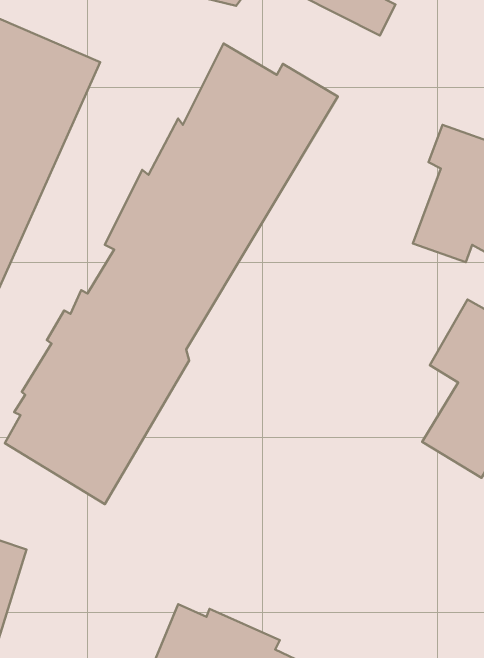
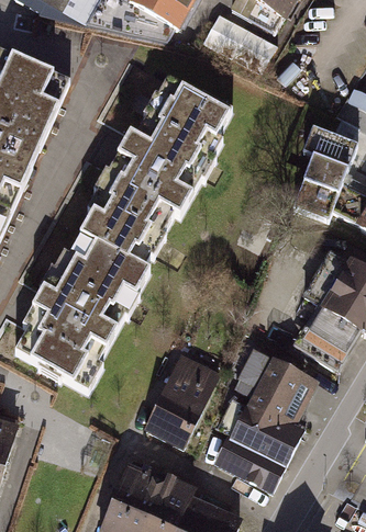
building: none -> [214,346,320,494]
building: none -> [143,352,221,450]

